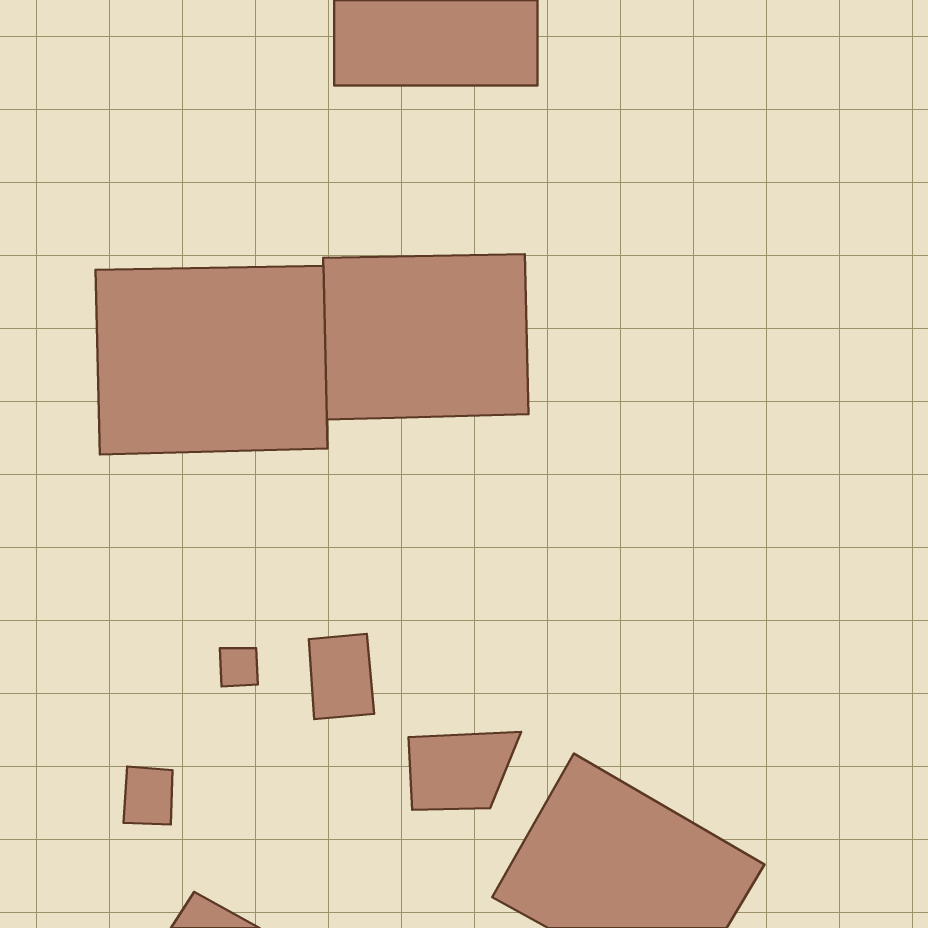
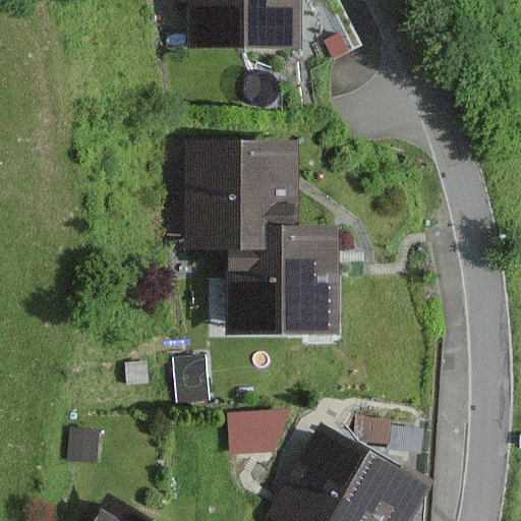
building: [96,266,327,454] -> none
building: none -> [221,232,338,331]

